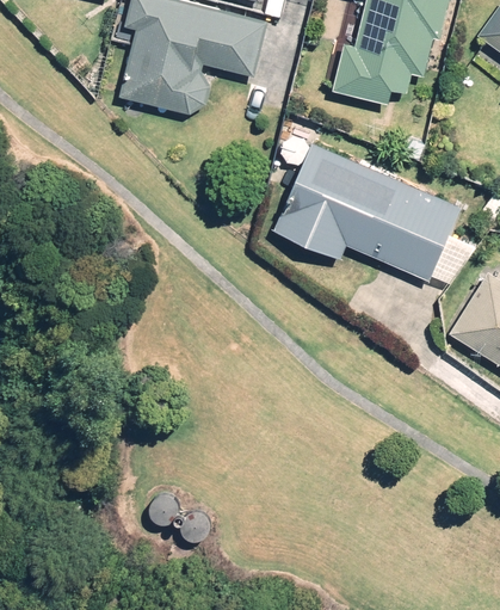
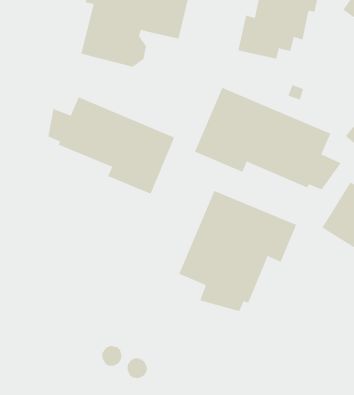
building: none -> [48,96,175,195]
building: none -> [179,190,297,312]

